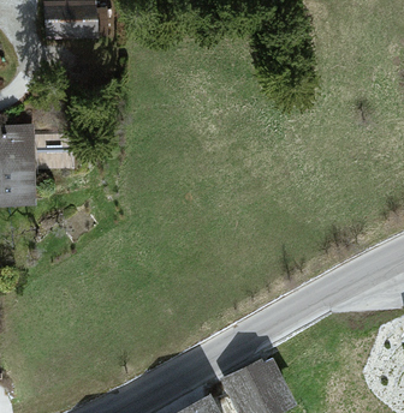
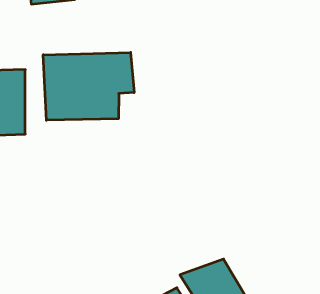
building: none -> [43,52,134,120]

